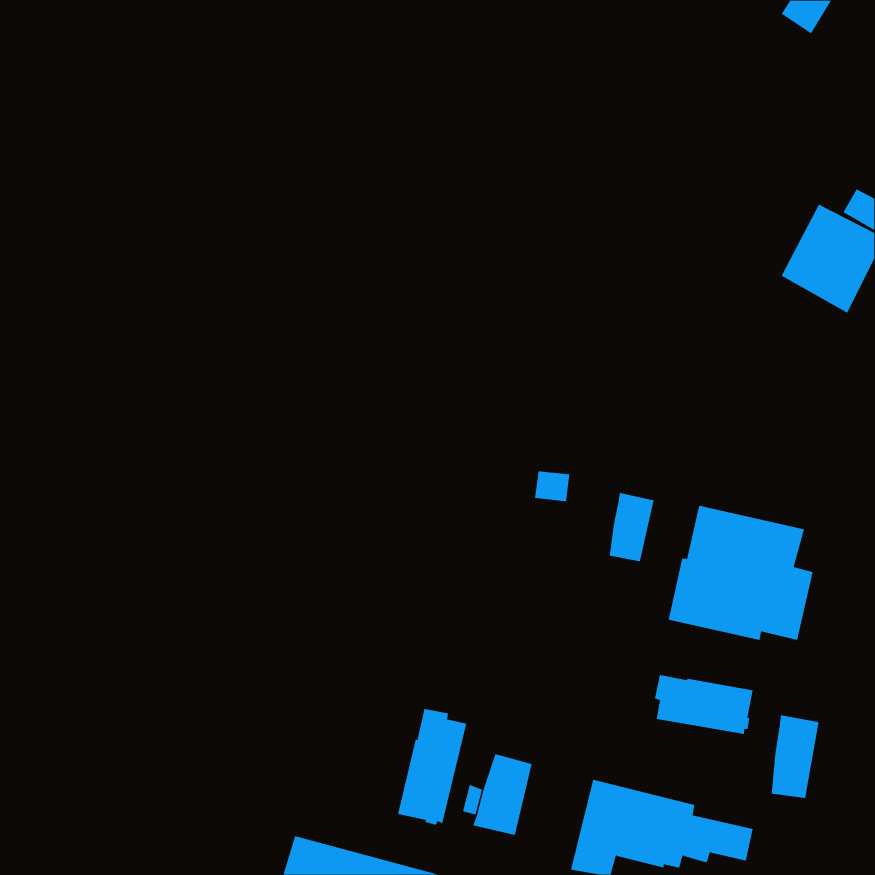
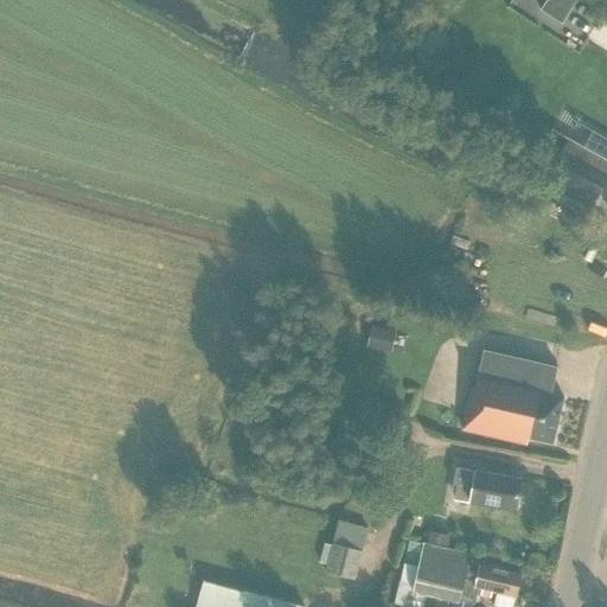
building: [609,492,654,562] -> none
building: [398,708,467,826] -> none
building: [771,715,819,799] -> none

